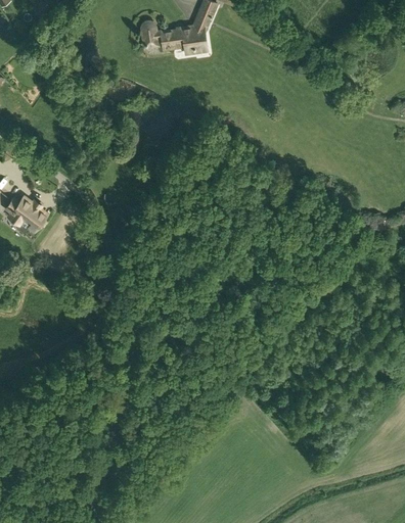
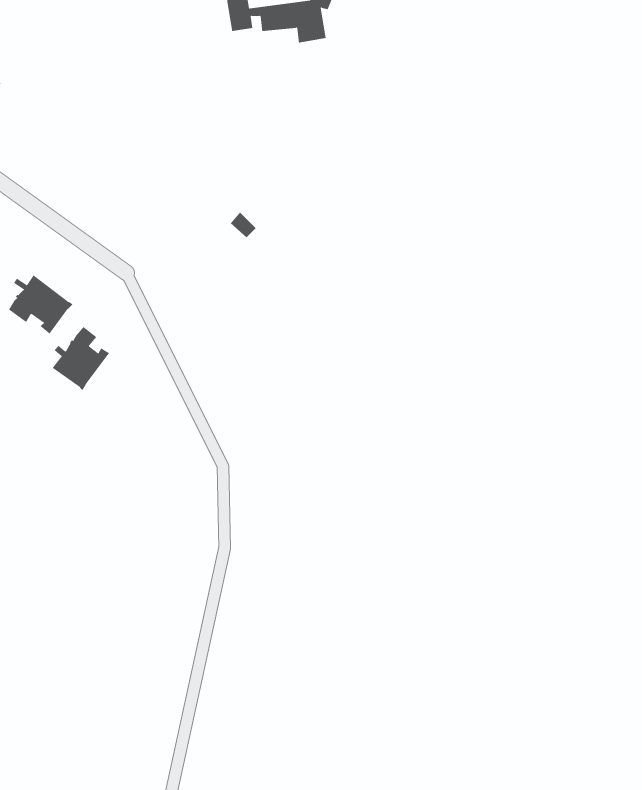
building: none -> [52,326,110,390]

